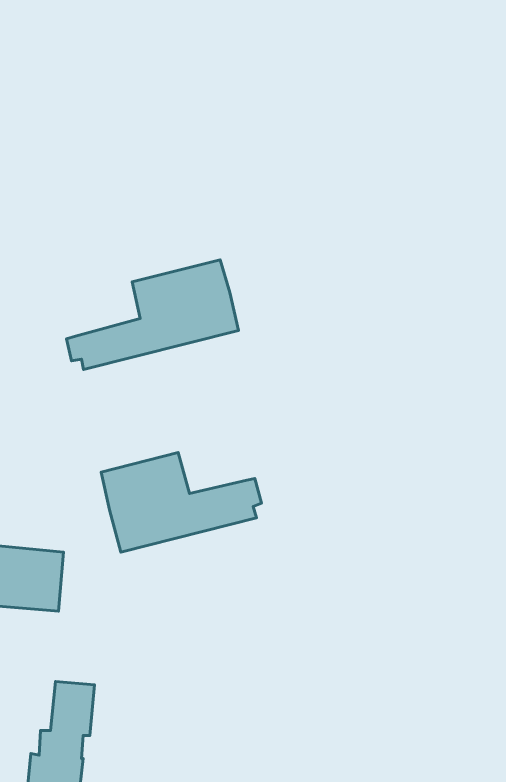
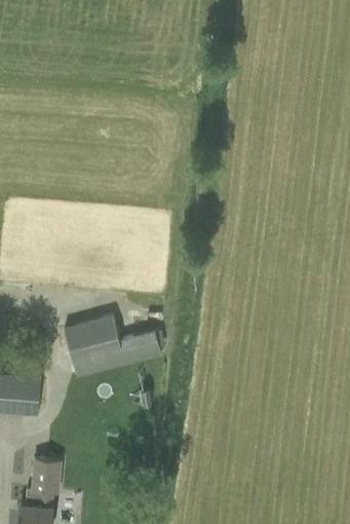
building: [66,260,239,370] -> none

